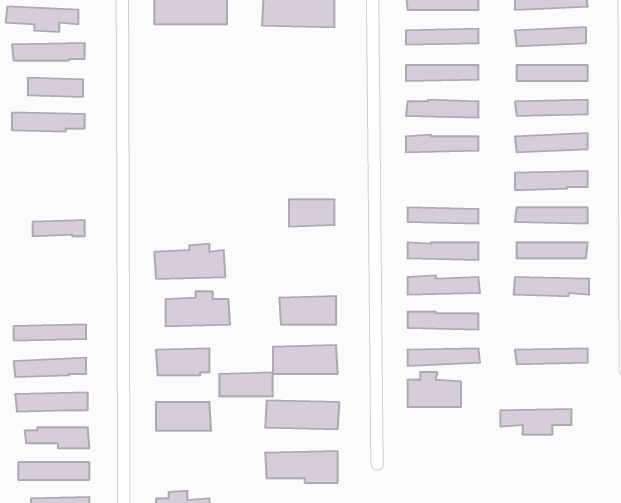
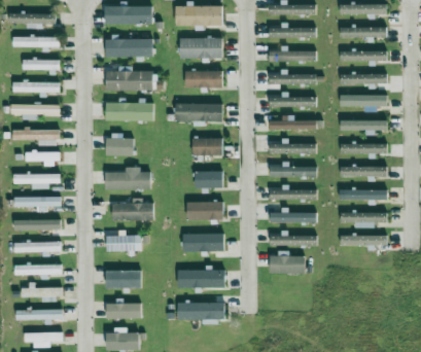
building: none -> [180,37,223,59]
building: none -> [105,38,152,57]
building: none -> [106,66,164,91]
building: none -> [184,70,222,87]
building: none -> [106,101,154,120]
building: none -> [175,103,222,120]
building: none -> [11,104,60,119]
building: none -> [270,114,317,130]
building: none -> [13,129,59,145]
building: none -> [106,136,134,155]
building: none -> [195,171,223,187]
building: none -> [13,173,61,188]
building: none -> [13,196,62,212]
building: [219,373,273,396] -> [106,303,141,318]
building: [500,409,572,434] -> [341,211,387,227]

